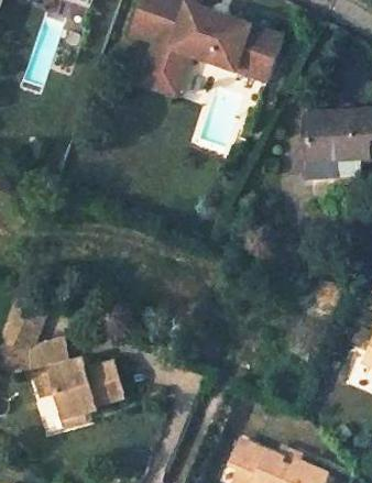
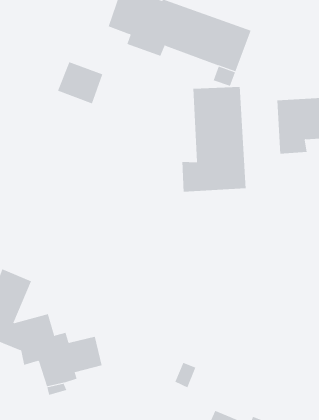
building: [136,54,185,99] -> [57,62,103,104]
building: none -> [182,86,246,193]

